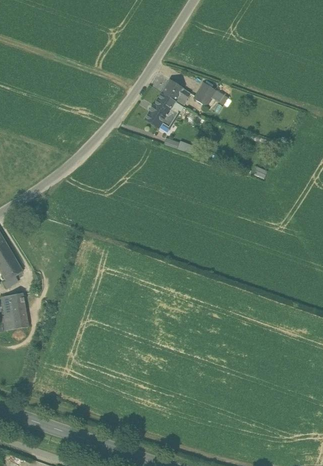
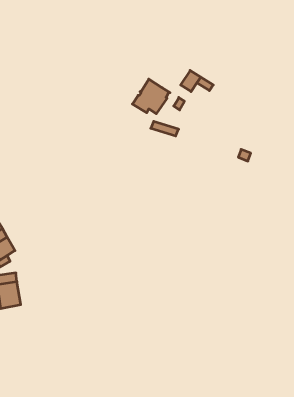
building: [161,79,190,106] -> none

